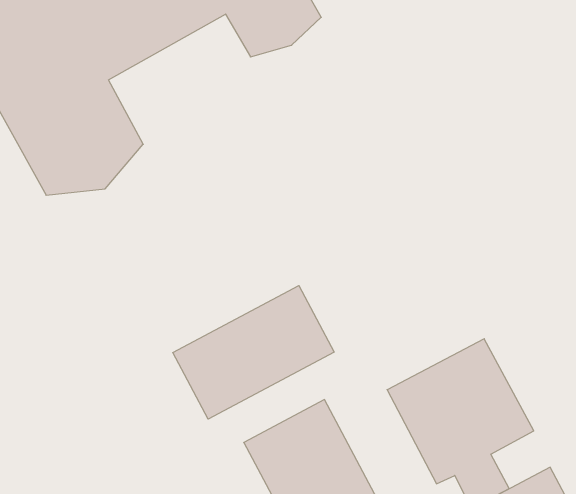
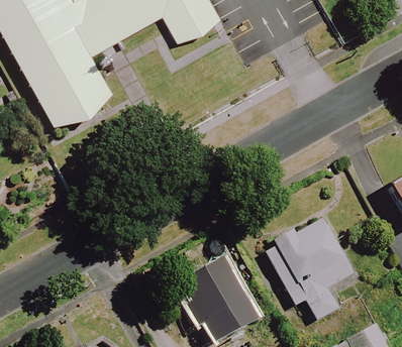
building: [173,286,334,419] -> none

